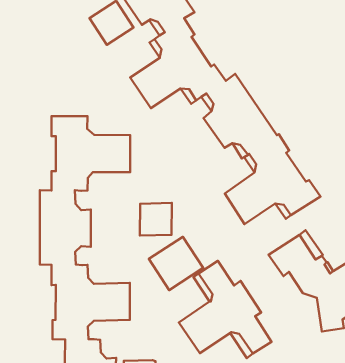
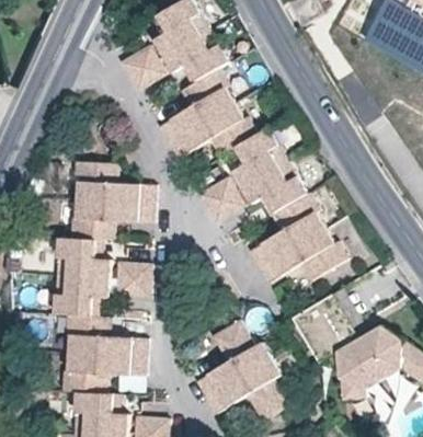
building: none -> [199,177,243,222]
building: [140,203,172,236] -> [116,263,151,297]
building: [149,237,203,290] -> none

